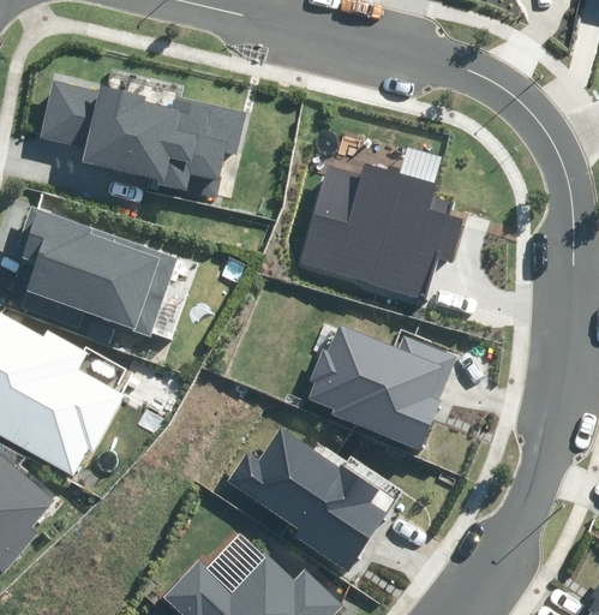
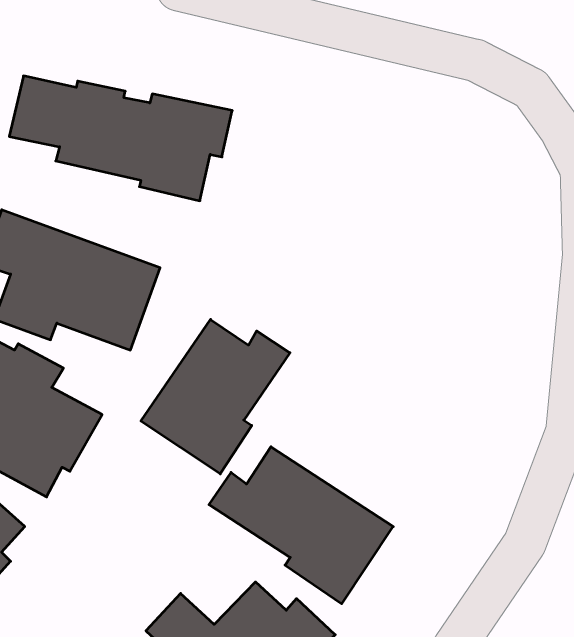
building: [296,161,463,300] -> none
building: none -> [141,319,290,474]
building: [309,324,456,449] -> none

